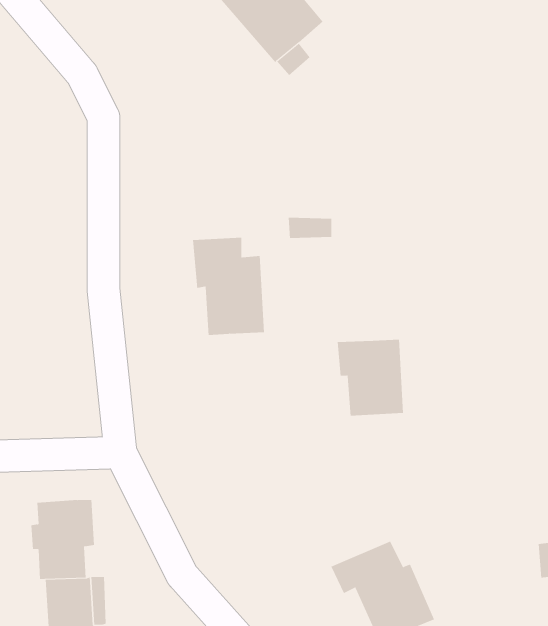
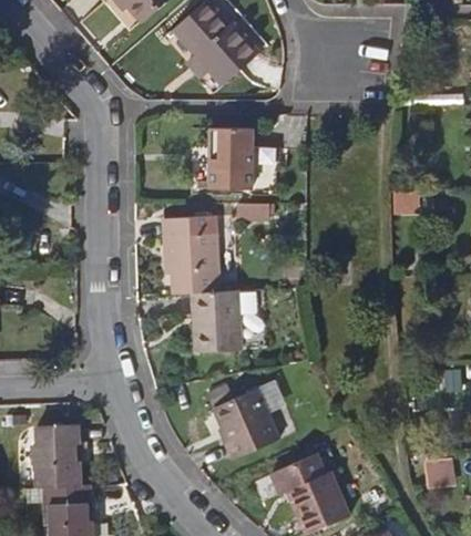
building: none -> [207,128,249,189]
building: [337,339,404,416] -> [188,292,240,352]
building: none -> [214,389,278,458]

